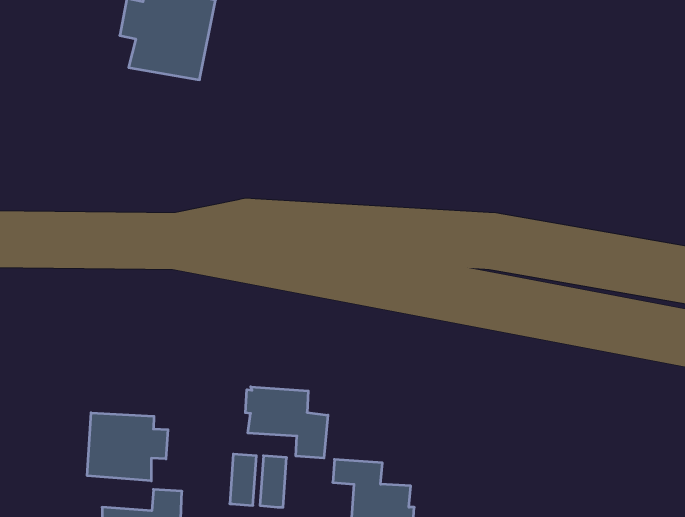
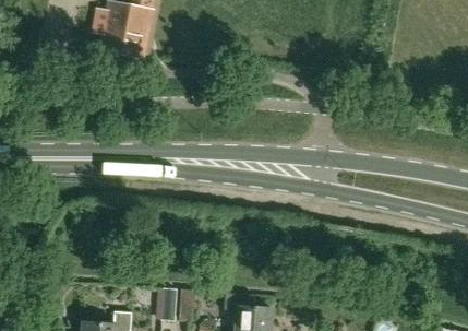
building: [245,387,328,458] -> none
building: [87,413,168,481] -> none

